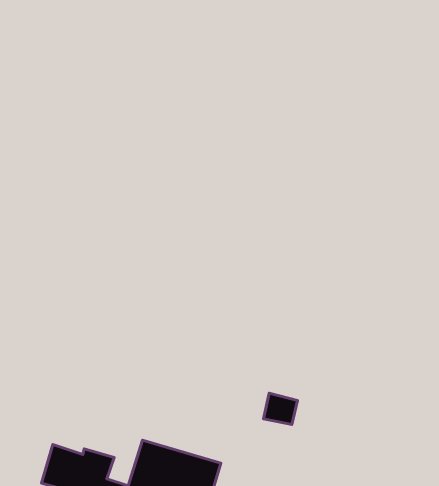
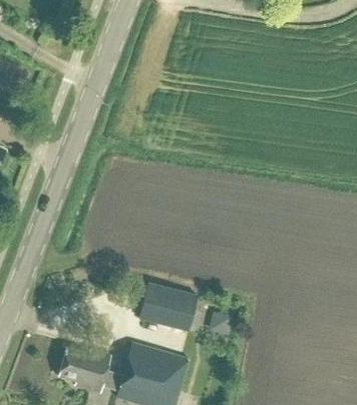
building: none -> [138,282,196,331]

